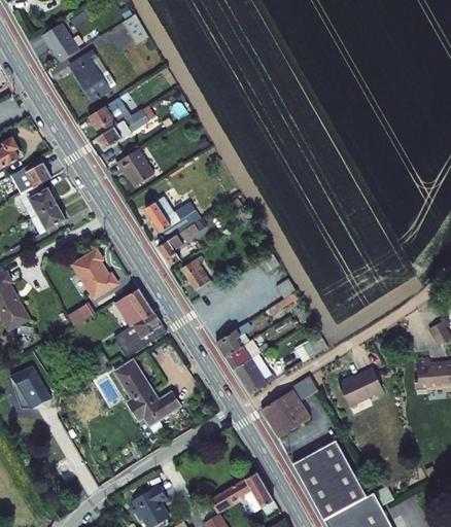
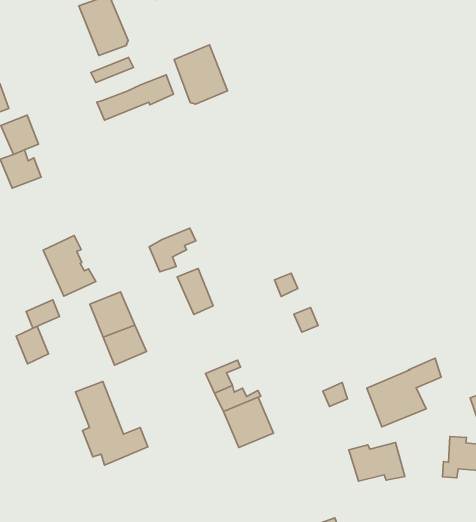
building: none -> [174,45,227,104]
building: [94,107,129,137] -> none
building: [115,154,151,189] -> none
building: [144,200,194,240] -> none
building: [40,205,70,231] -> none
building: [114,324,142,355] -> [16,326,49,364]
building: [262,378,319,438] -> [367,358,441,427]

